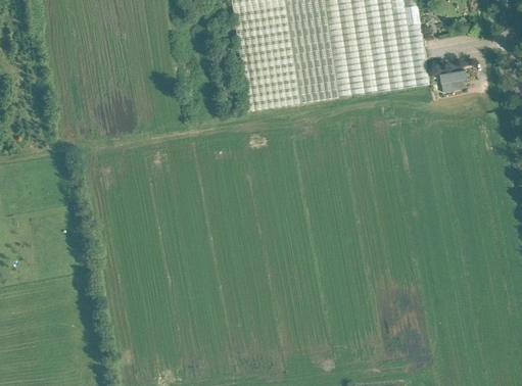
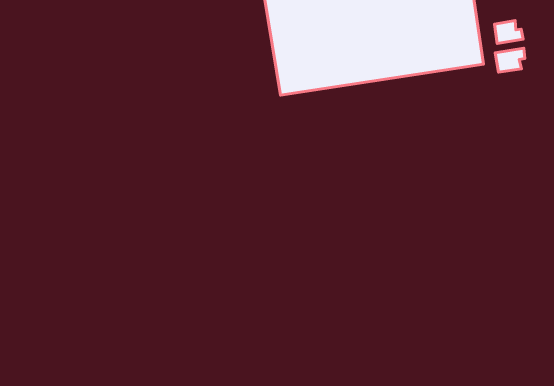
building: none -> [494,21,523,43]

